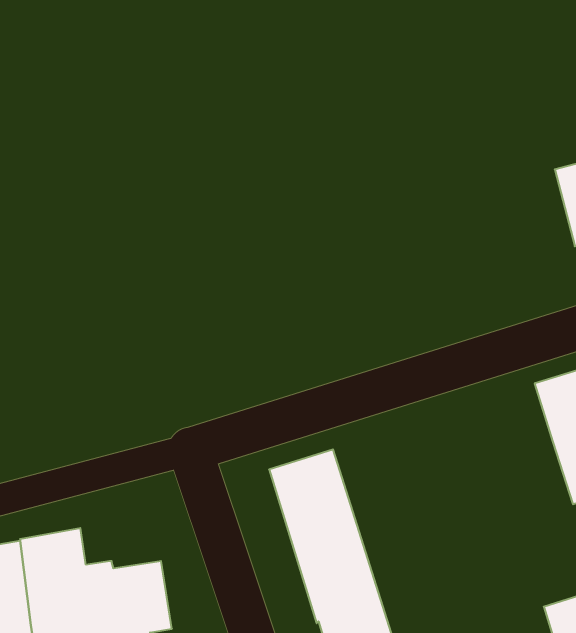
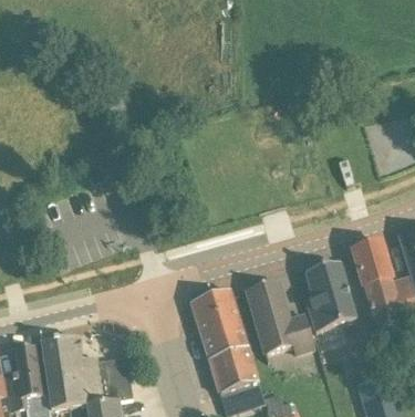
building: none -> [305,261,356,330]
building: none -> [247,279,315,353]

